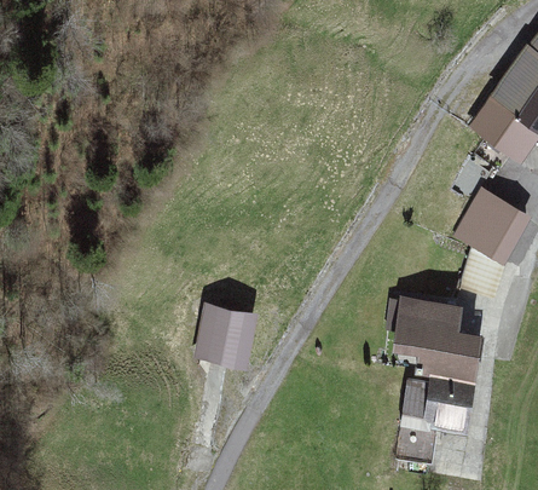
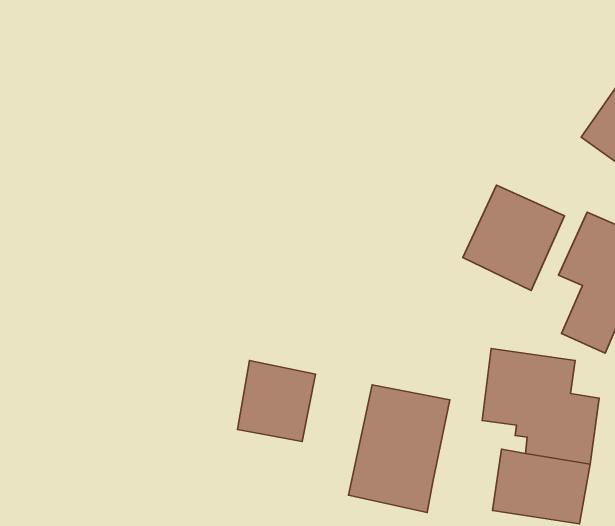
building: none -> [463,185,565,291]
building: none -> [348,385,450,513]

